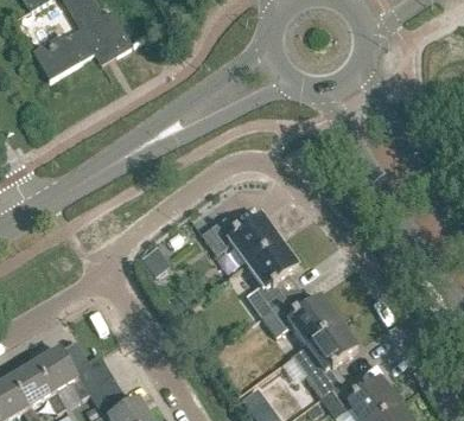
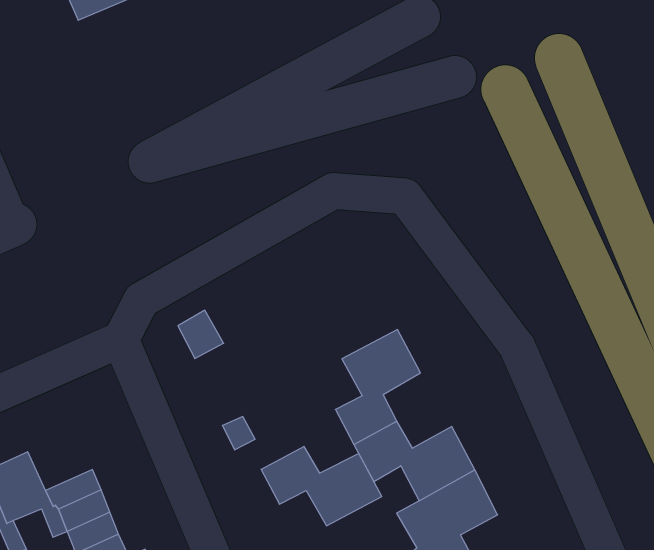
building: [201,215,278,262] -> [261,446,382,526]

